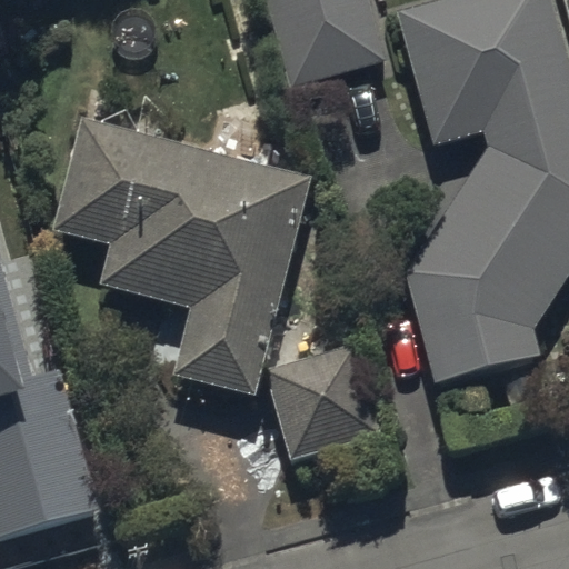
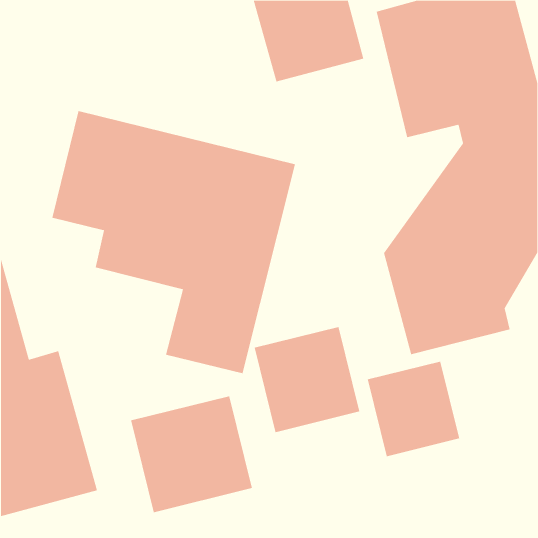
building: none -> [367,361,460,457]
building: none -> [130,395,253,513]

